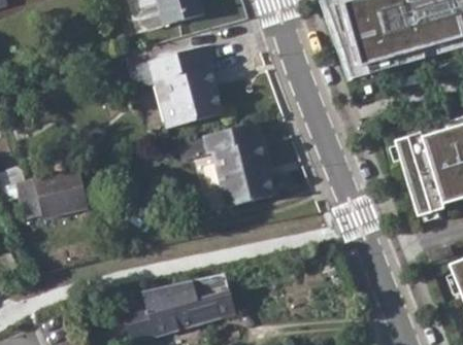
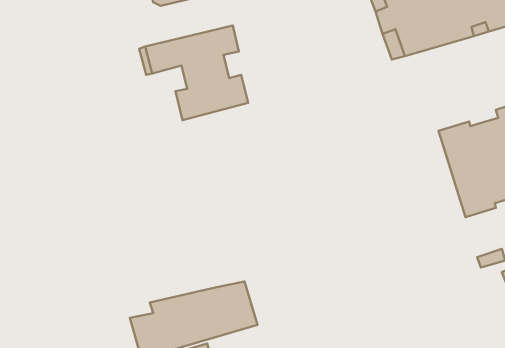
building: [174,124,269,208] -> none
building: [13,166,84,219] -> none

